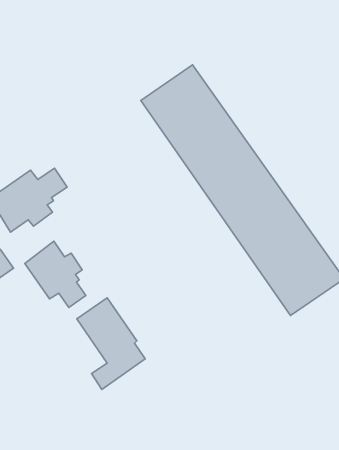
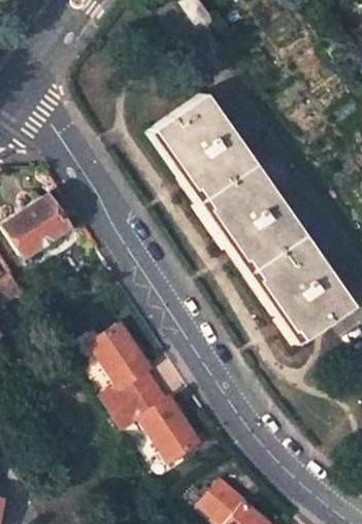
building: [25,241,86,308] -> none
building: none -> [113,382,198,459]

